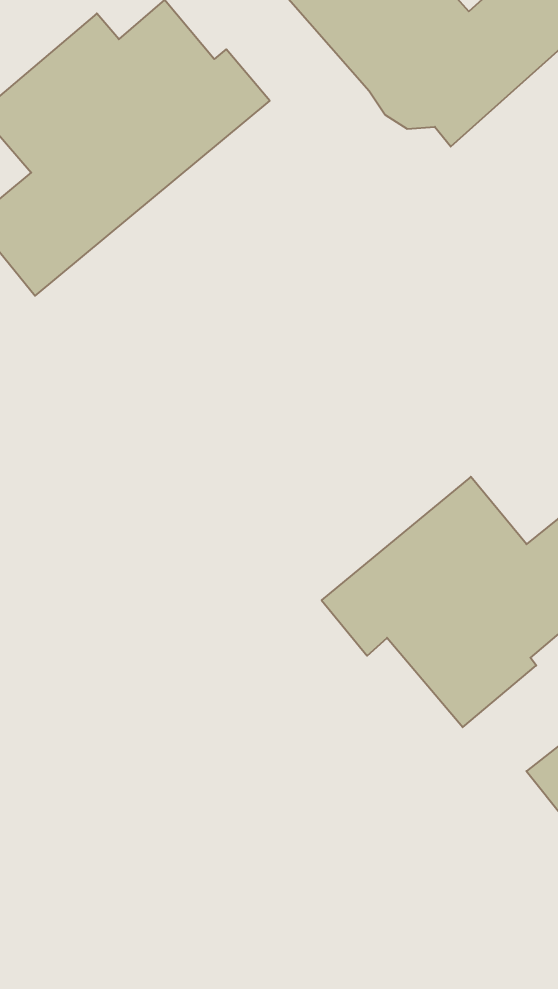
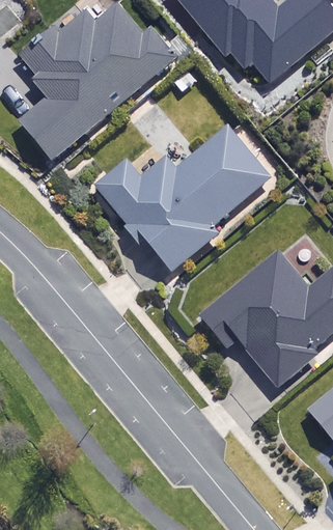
building: none -> [96,128,269,271]

